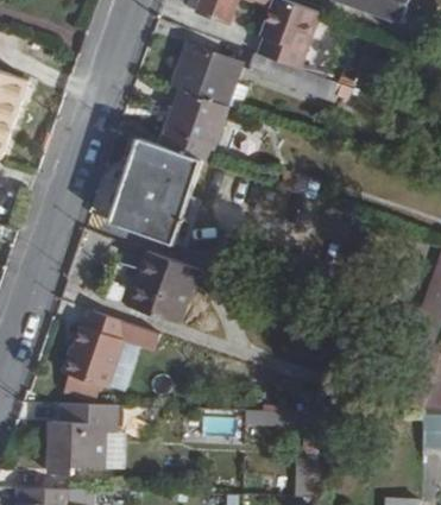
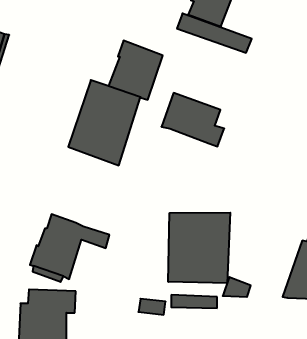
building: [169,42,248,109] -> [161,93,224,146]
building: [126,250,201,326] -> none
building: none -> [168,213,230,283]

